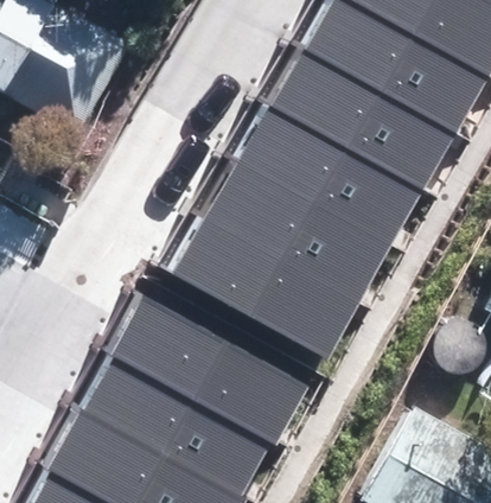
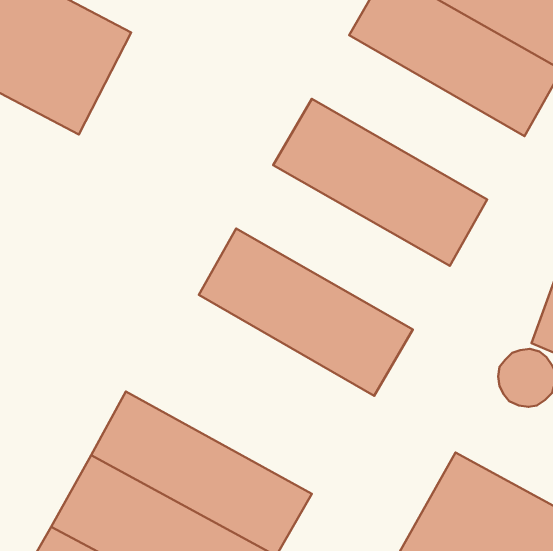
building: [274,47,457,189] -> none
building: [209,159,393,300] -> none
building: [114,295,310,444] -> none

